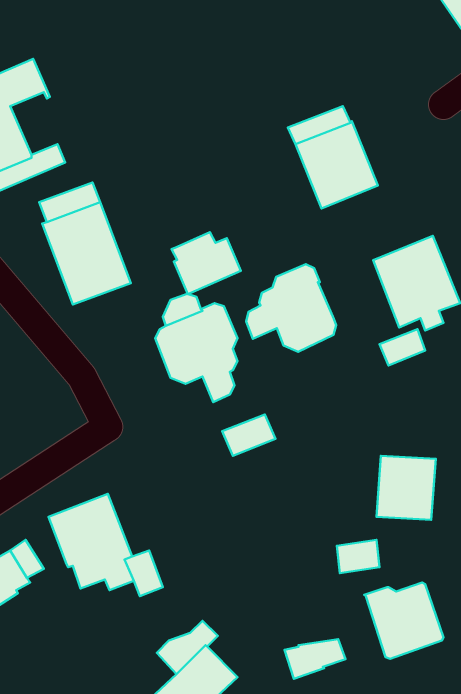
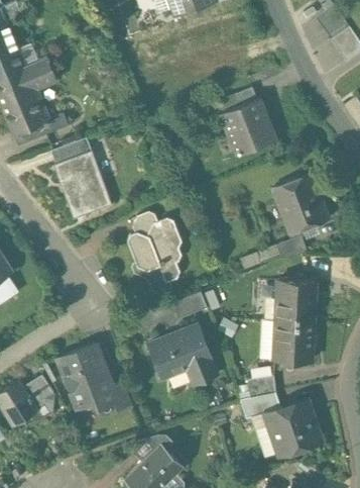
building: [171,232,241,294] -> none
building: [246,264,336,352] -> none
building: none -> [276,280,315,322]
building: none -> [148,326,216,383]
building: [285,639,346,679] -> [240,394,280,420]

